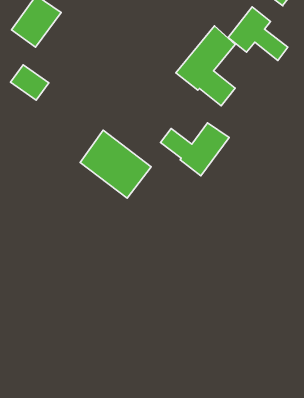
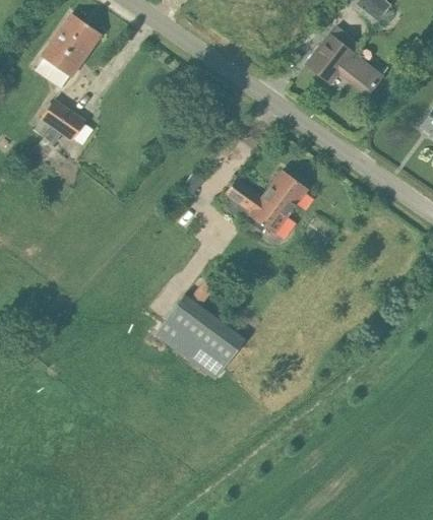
building: [176,26,235,106] -> none
building: [80,130,151,198] -> [159,295,246,378]

